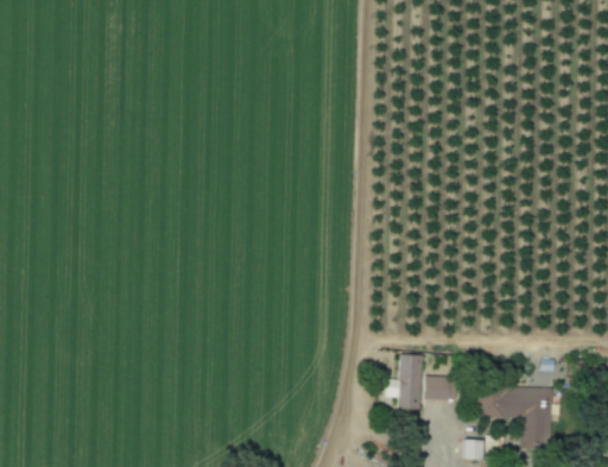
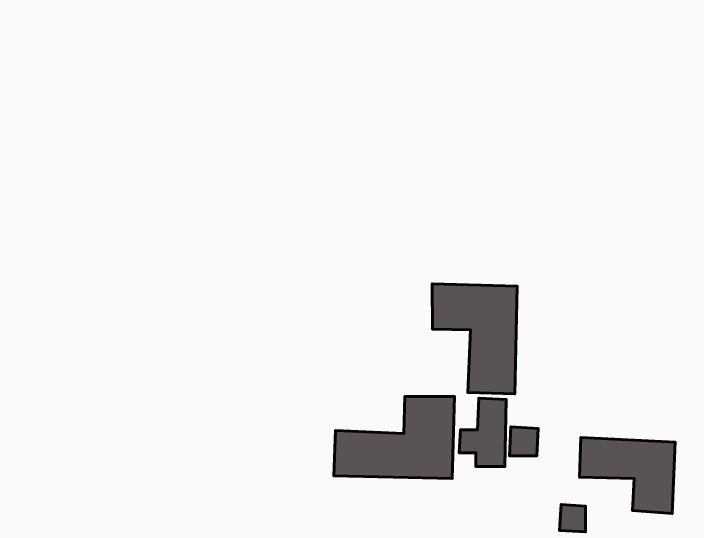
building: none -> [432,284,517,394]
building: none -> [334,396,454,479]

